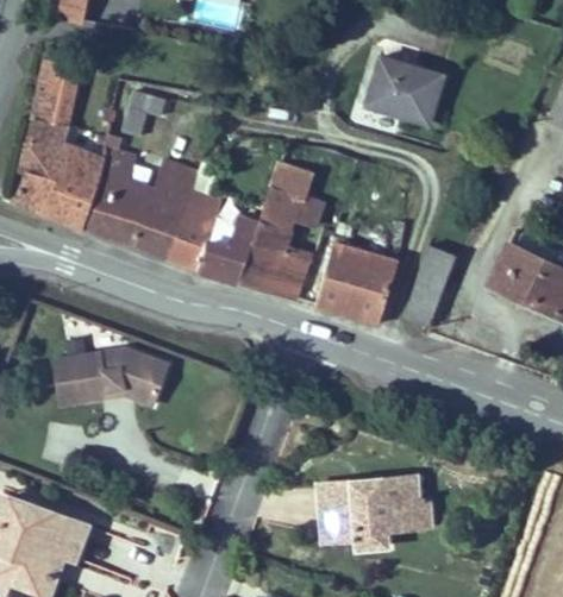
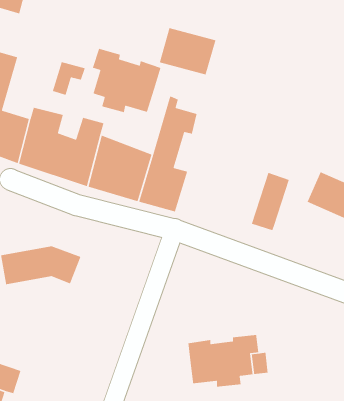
building: [362,59,443,127] -> [159,27,216,75]
building: none -> [92,48,162,113]
building: [317,241,395,321] -> none

